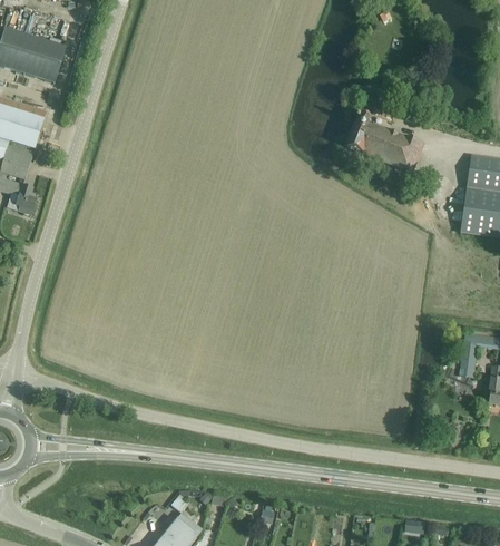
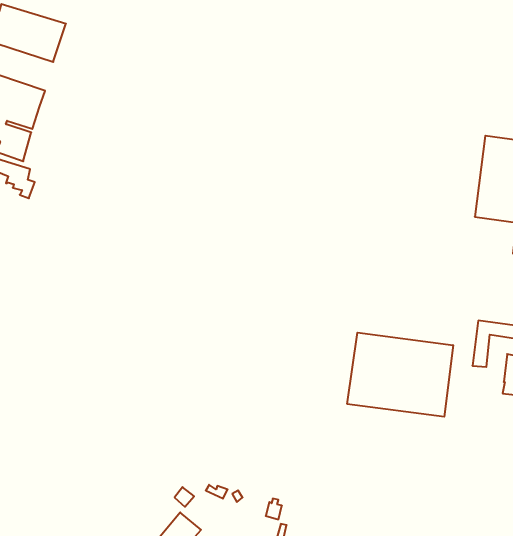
building: [346,114,422,173] -> none
building: none -> [347,333,453,417]

